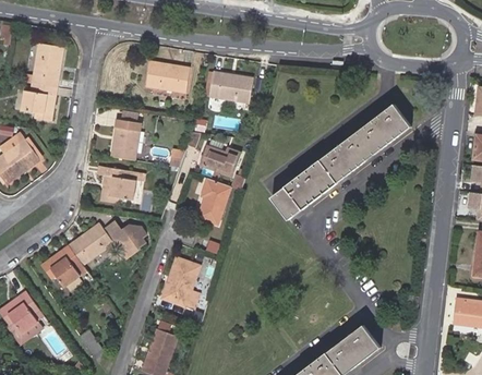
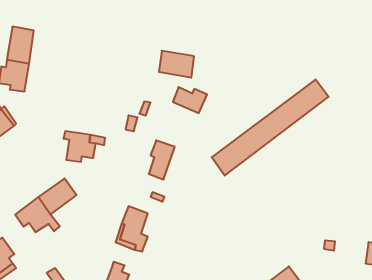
building: [147,61,190,92] -> none
building: [112,120,141,158] -> none
building: [198,143,239,173] -> [173,87,207,113]
building: [106,220,147,259] -> none

